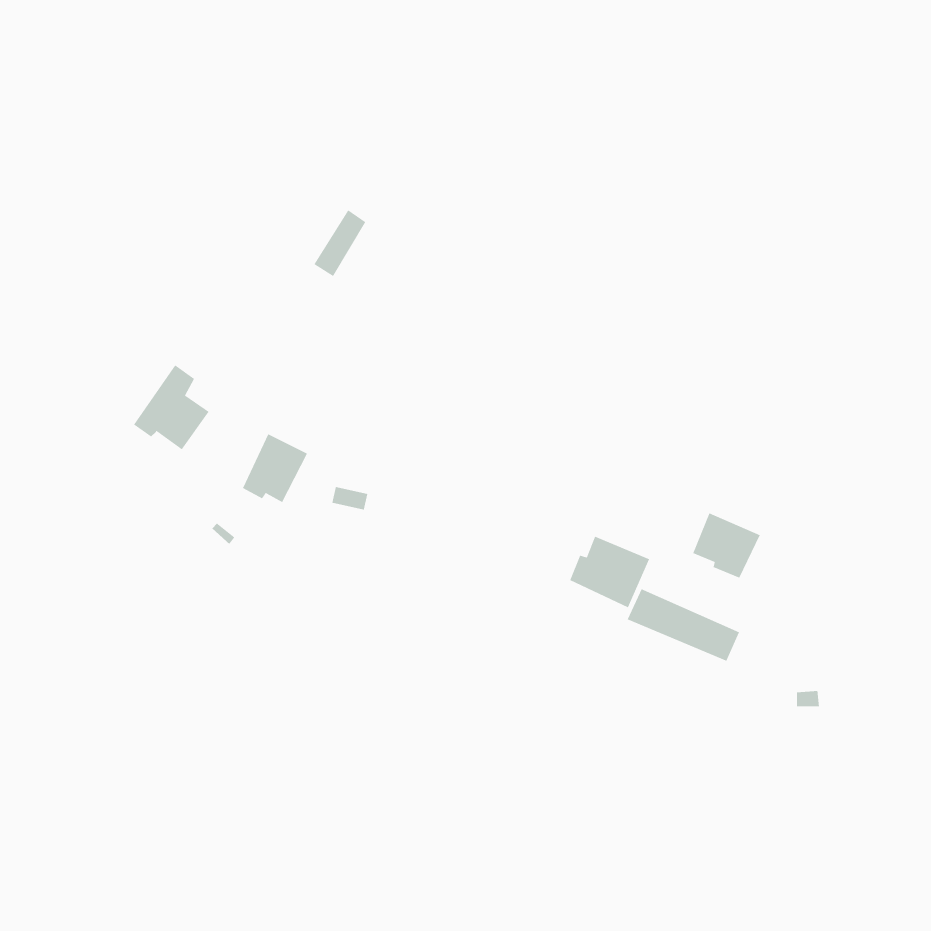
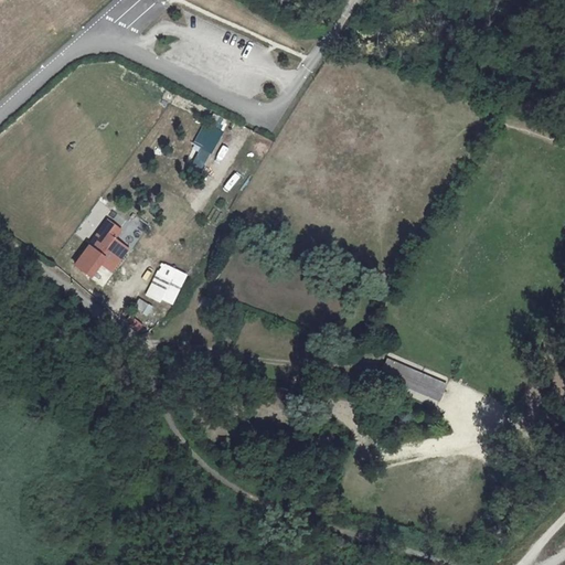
building: [692,512,761,578] -> none
building: [570,536,650,608] -> none

